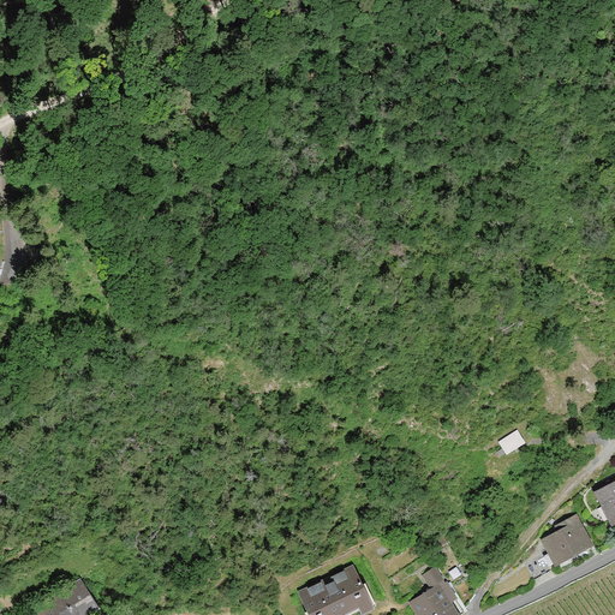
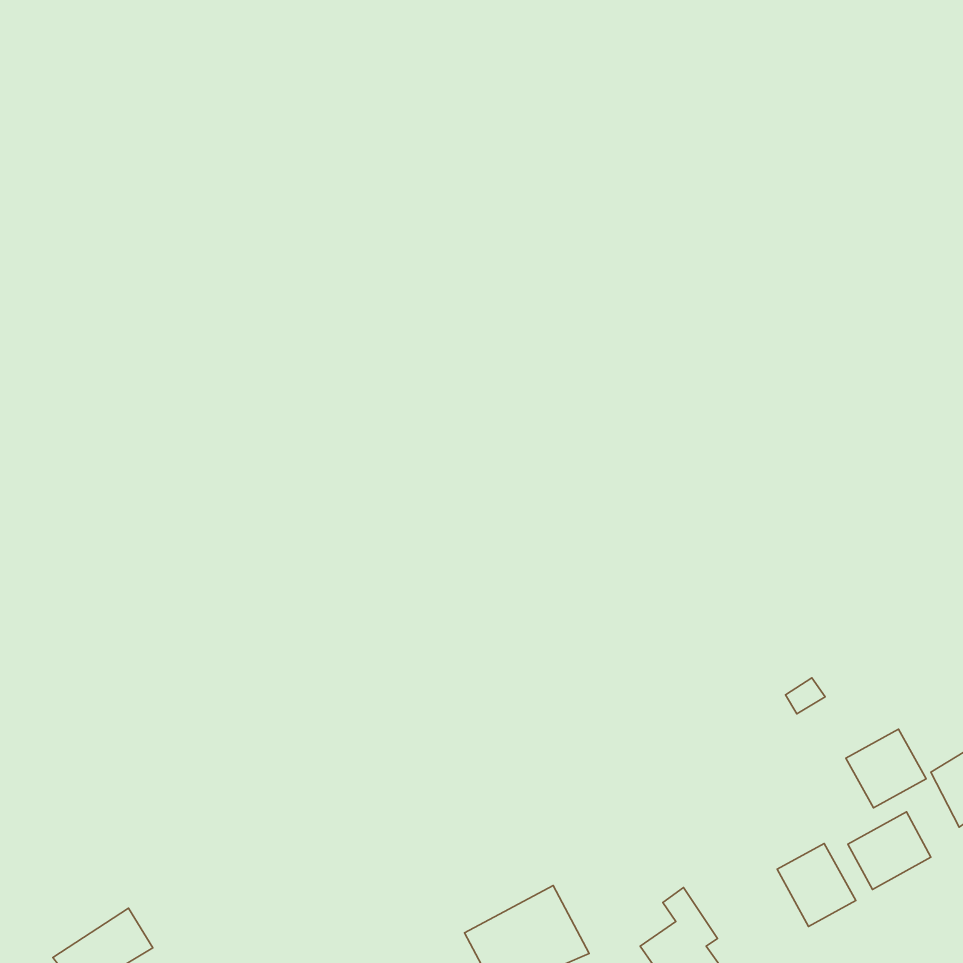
building: none -> [846,729,926,808]
building: none -> [777,843,856,927]

